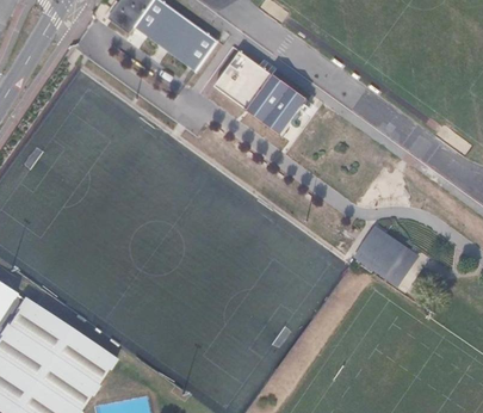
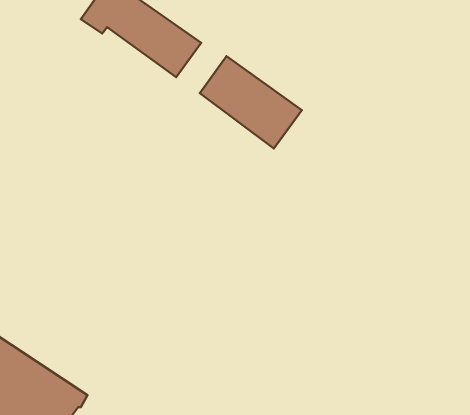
building: [358,229,415,281] -> none

